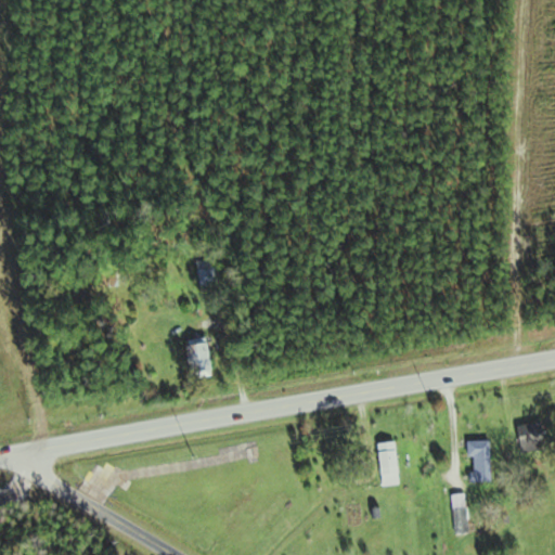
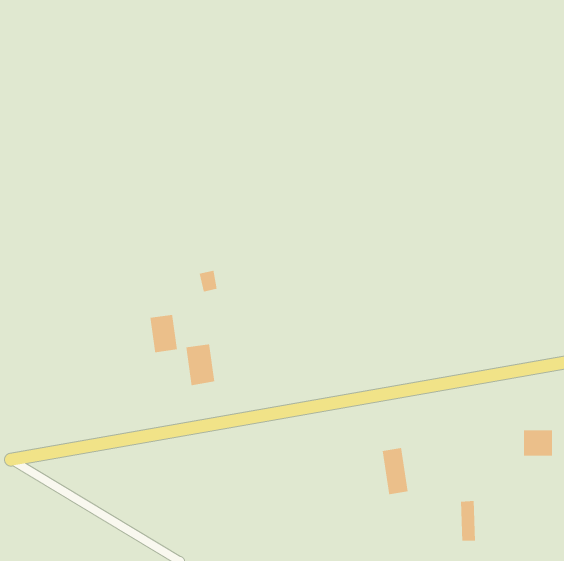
building: none -> [150,314,178,353]
building: [468,440,491,481] -> none

